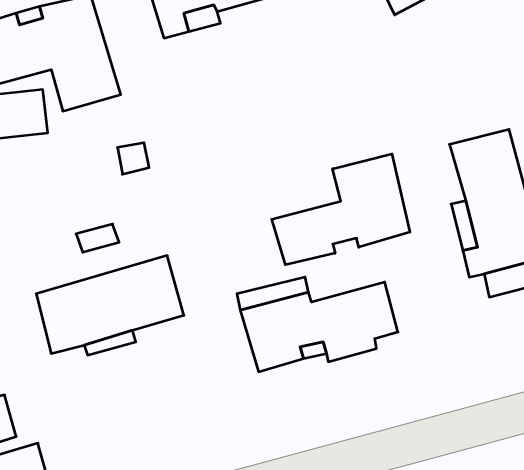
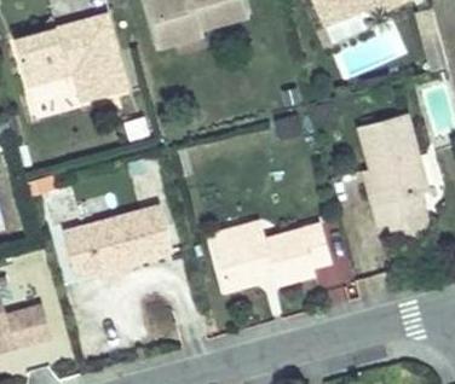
building: [272,154,410,265] -> none

